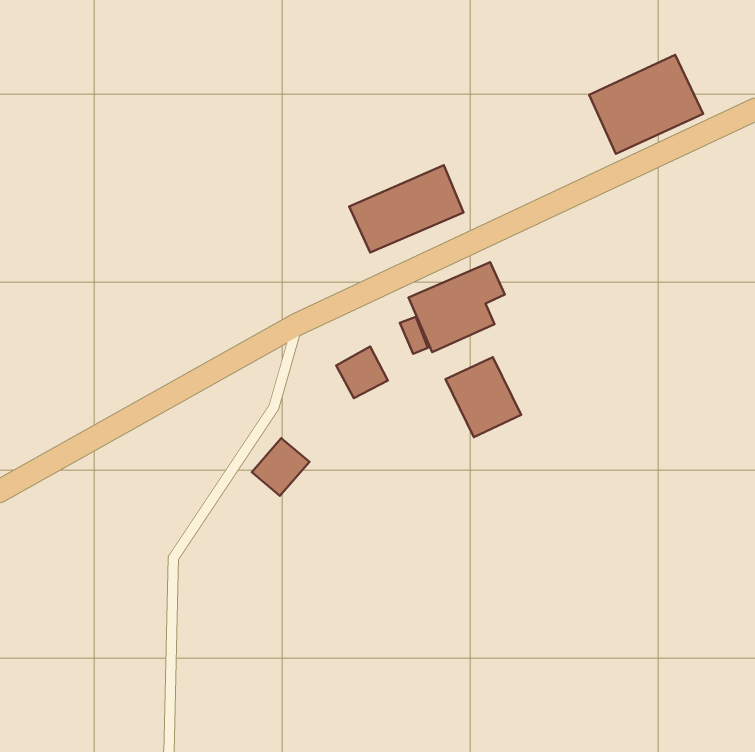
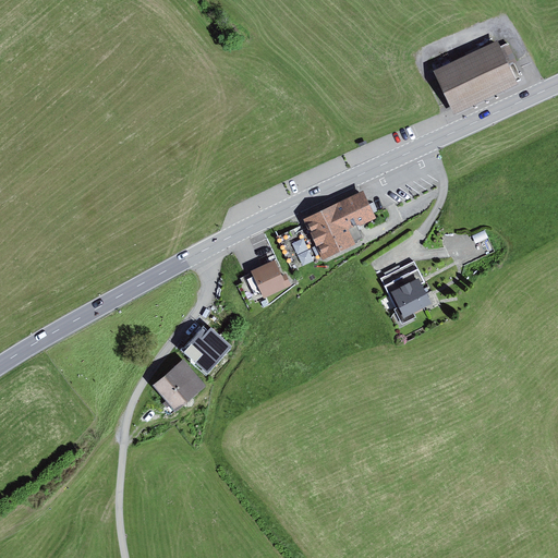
building: [349,165,463,253] -> none
building: [446,357,521,437] -> [381,259,437,318]
building: none -> [155,361,205,410]

